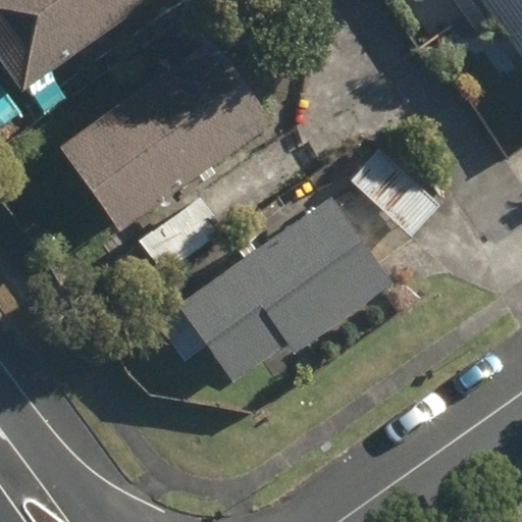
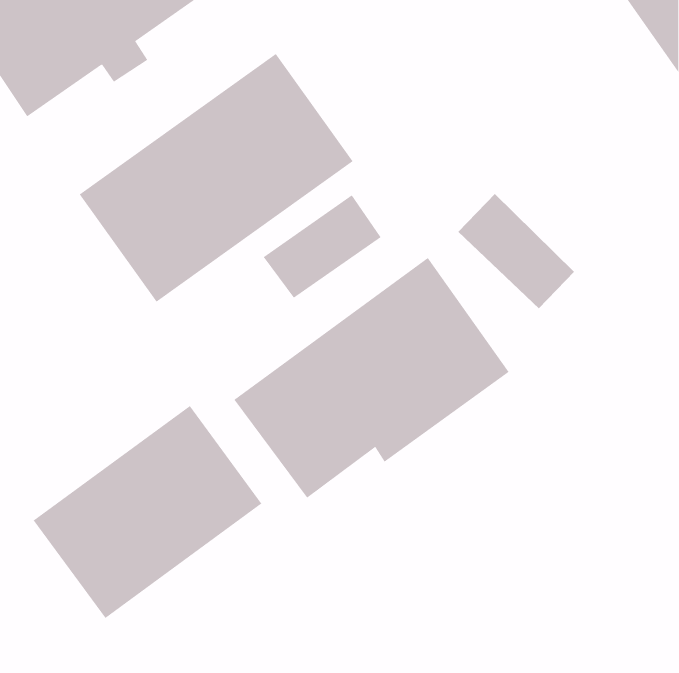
building: none -> [33,405,262,619]

